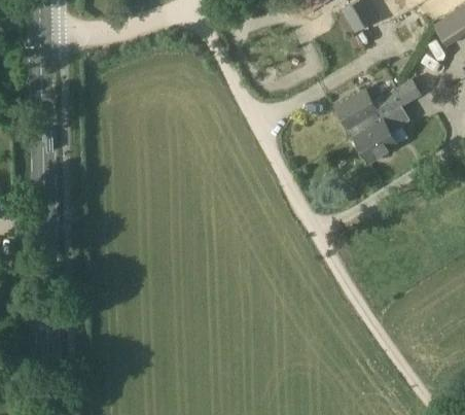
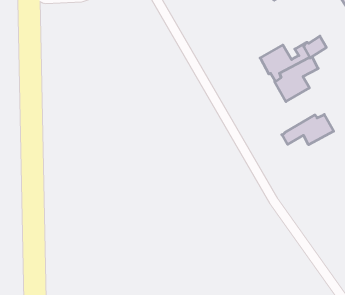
building: none -> [282,114,334,145]

